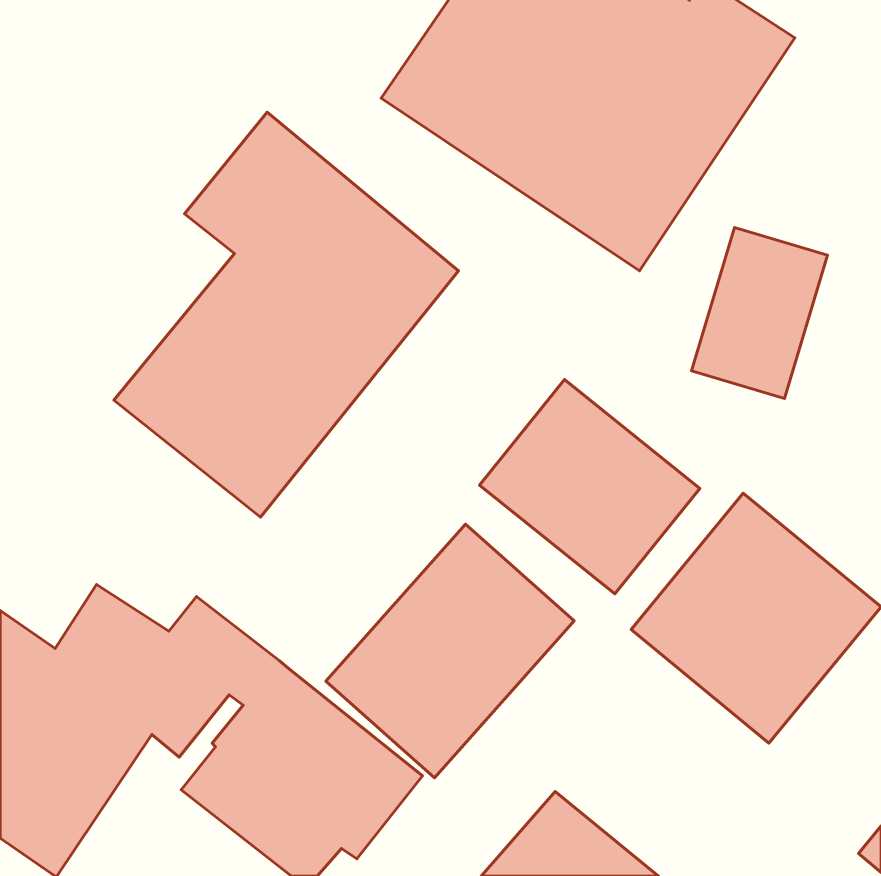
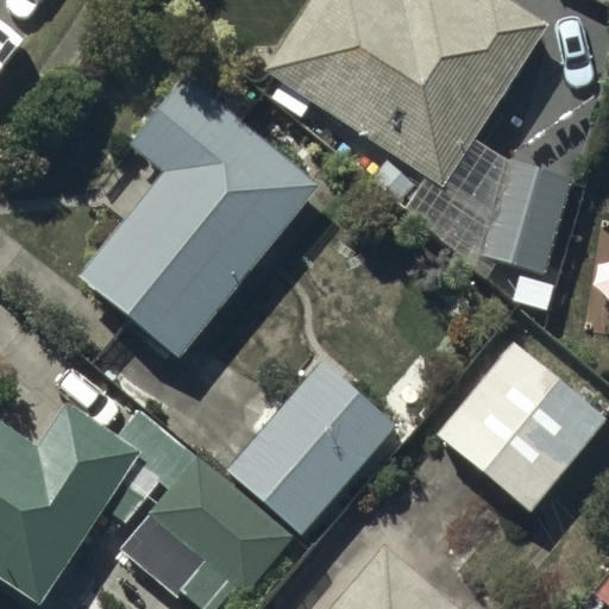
building: [479,380,700,594] -> none

